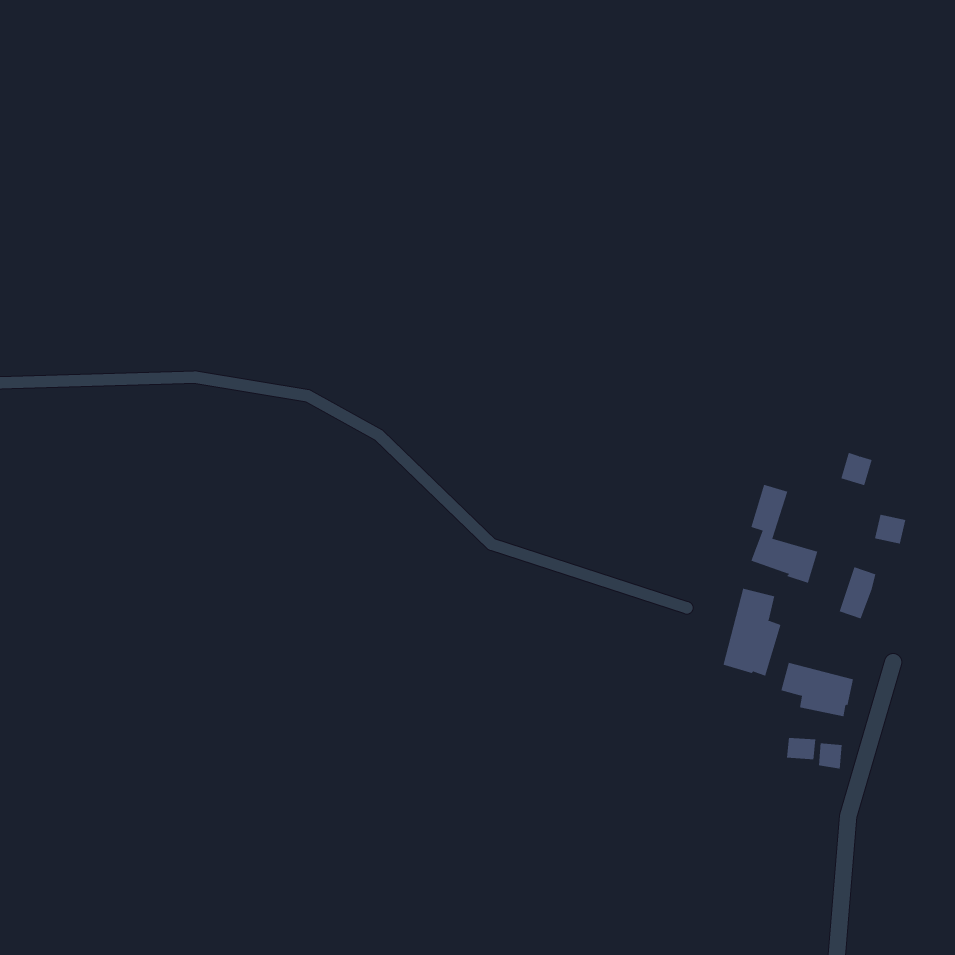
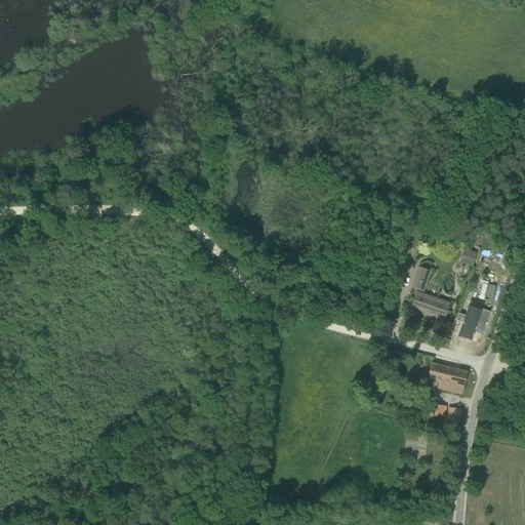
building: [723,588,781,676] -> none

